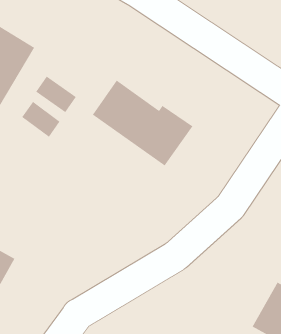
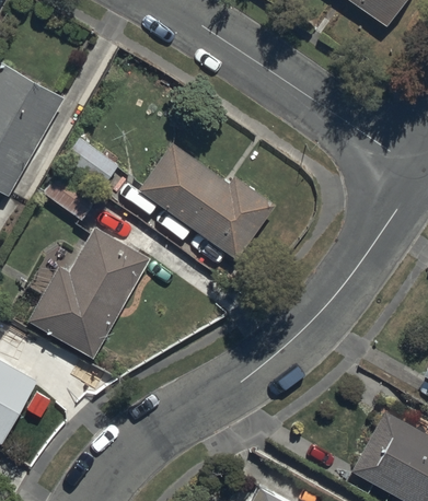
building: none -> [28,228,150,358]

